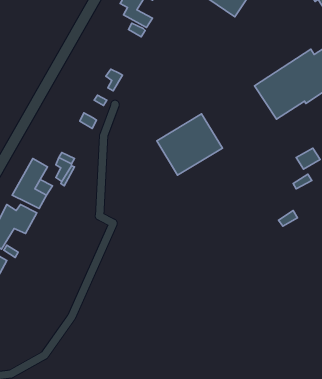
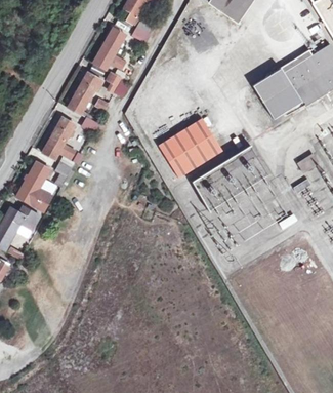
building: none -> [94,26,131,71]
building: none -> [69,71,105,113]
building: none -> [44,114,79,158]

